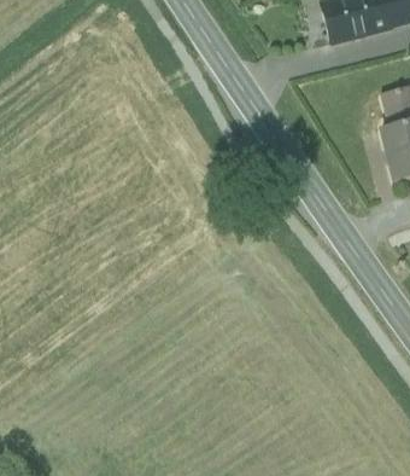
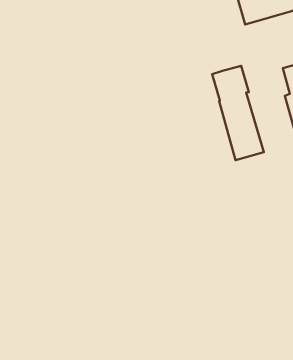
building: none -> [212,66,264,160]

